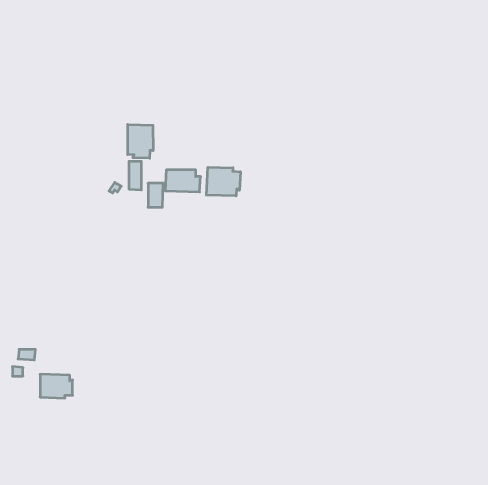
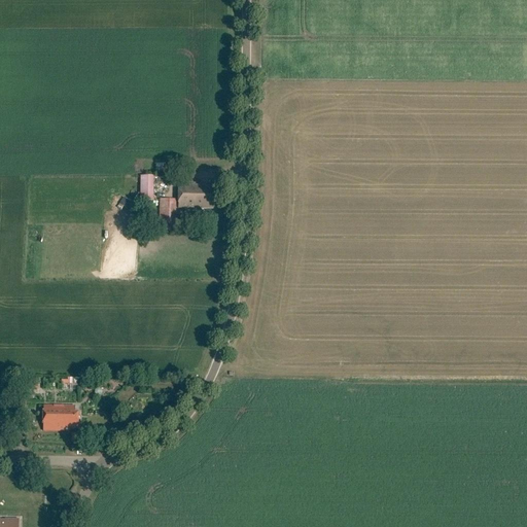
building: [128,124,153,158] -> none
building: [206,167,240,196] -> none

